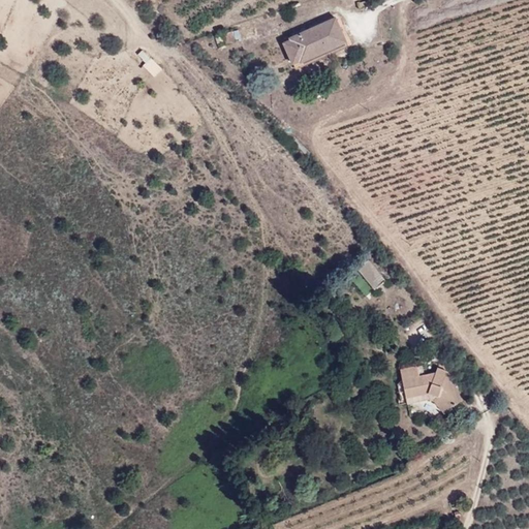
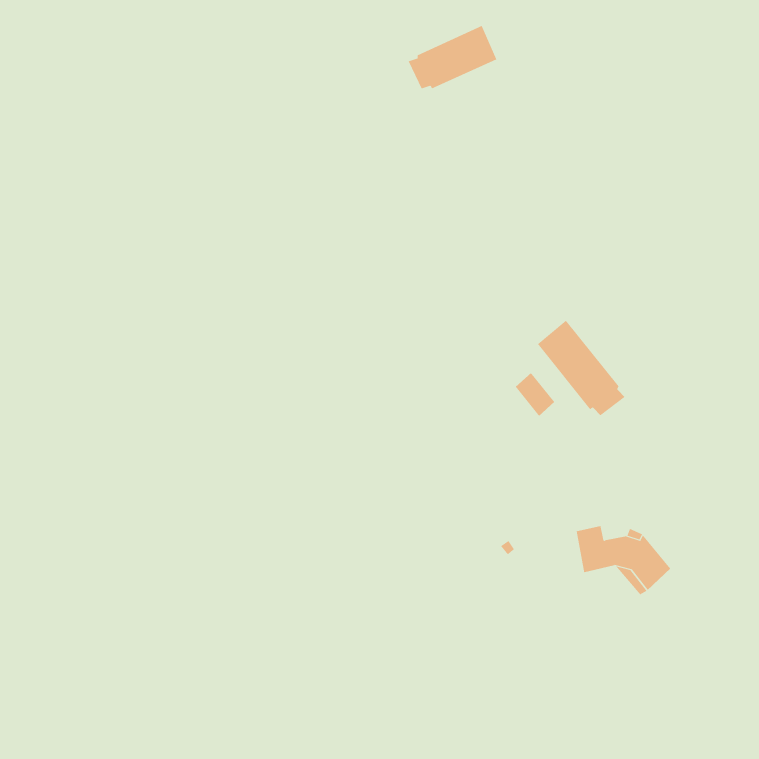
building: none -> [537,320,626,416]

